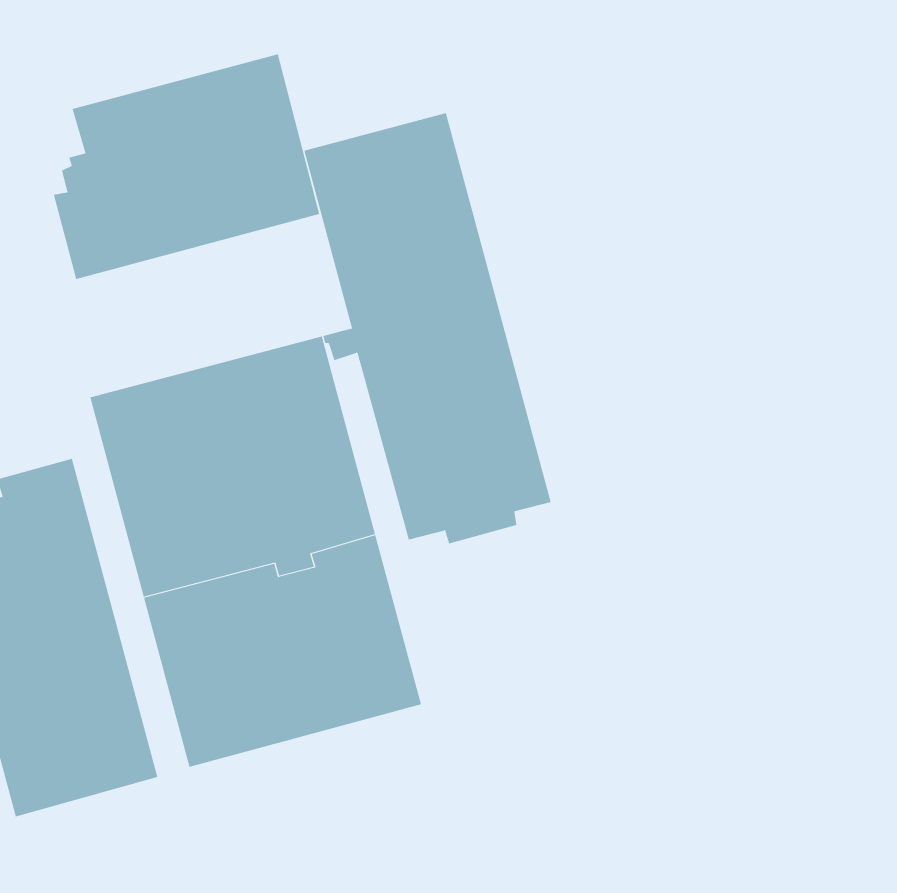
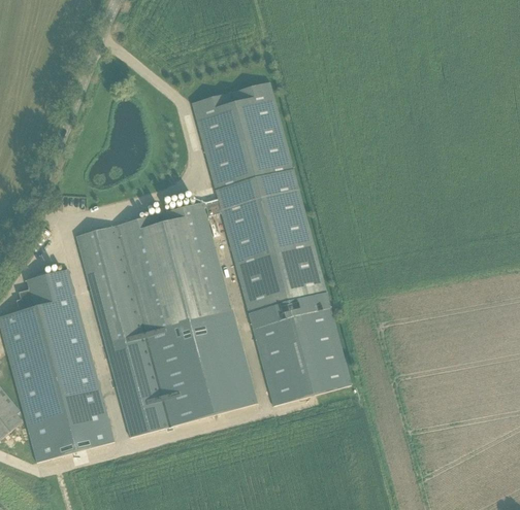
building: [53,54,320,280] -> none
building: none -> [249,293,351,406]

